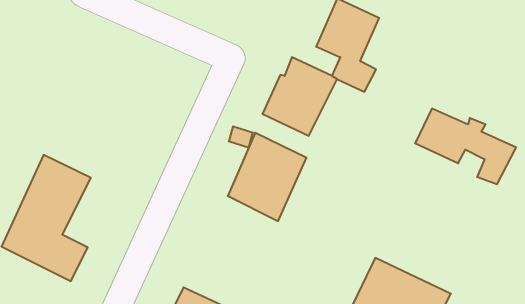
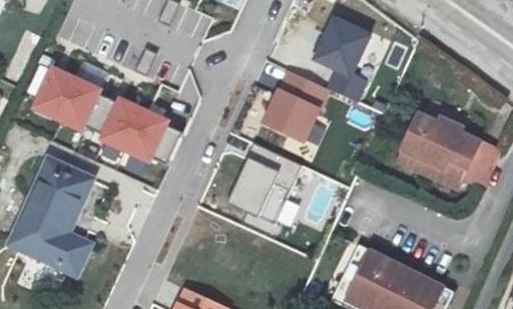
building: none -> [30,60,102,129]
building: none -> [95,91,168,162]
building: none -> [396,147,470,189]

